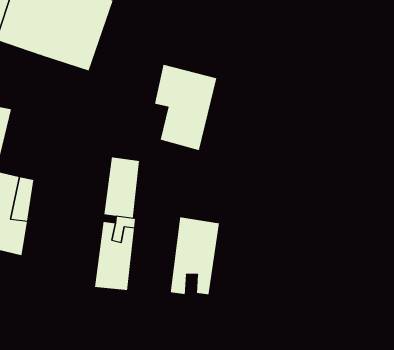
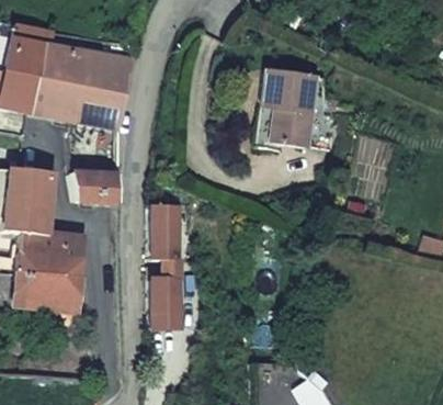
building: [154,64,217,151] -> [263,71,319,148]
building: none -> [72,172,121,203]
building: [170,216,220,295] -> none

